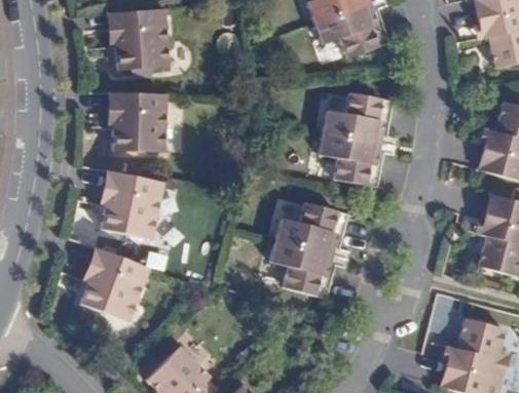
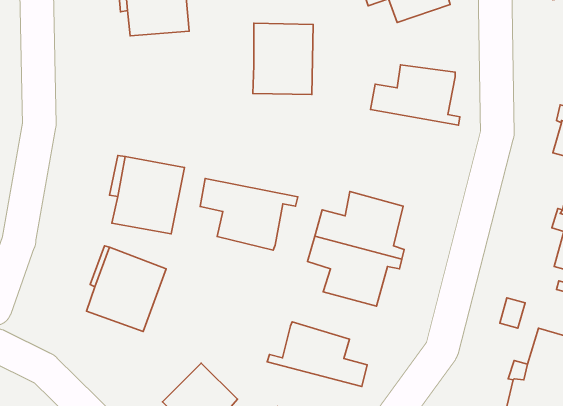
building: [112,92,163,153] -> [253,23,313,95]
building: [318,132,397,188] -> none
building: none -> [200,179,298,250]
building: none -> [267,322,367,387]

